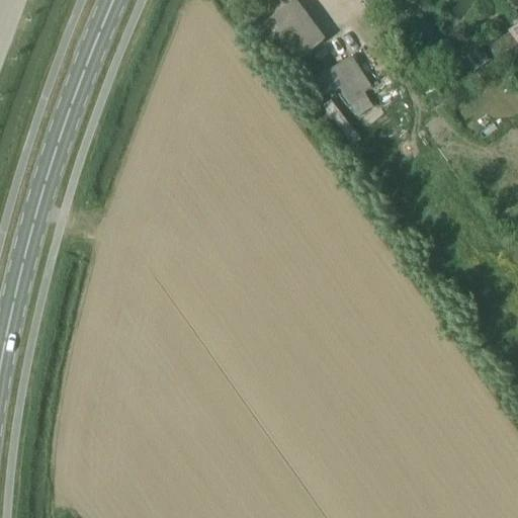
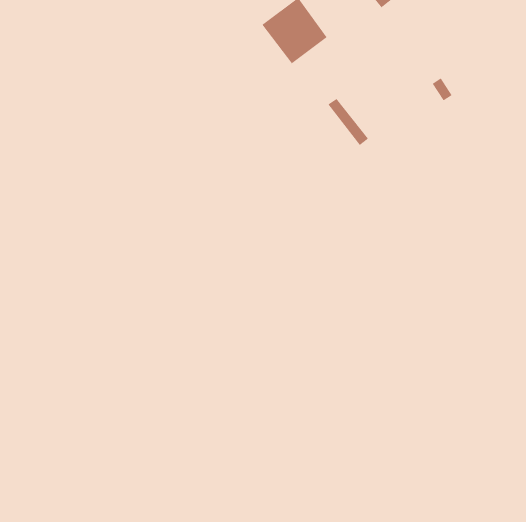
building: [319,52,374,112] -> none

